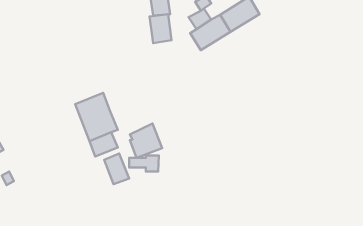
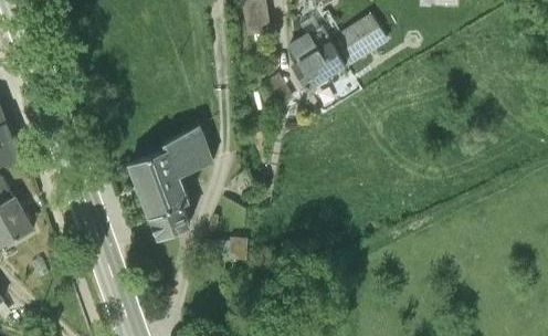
building: [149,14,172,43] -> none
building: [130,123,162,158] -> [170,127,214,175]
building: [104,153,129,184] -> none

